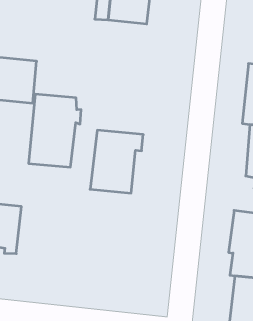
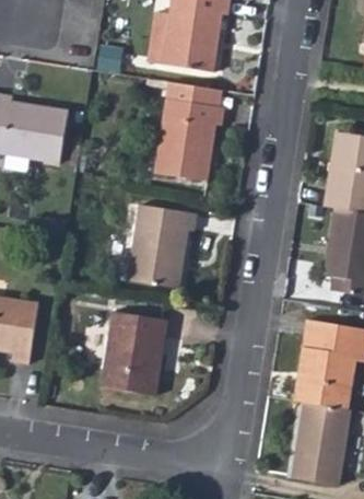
building: [29,94,81,167] -> [152,82,223,178]
building: none -> [99,313,166,398]

